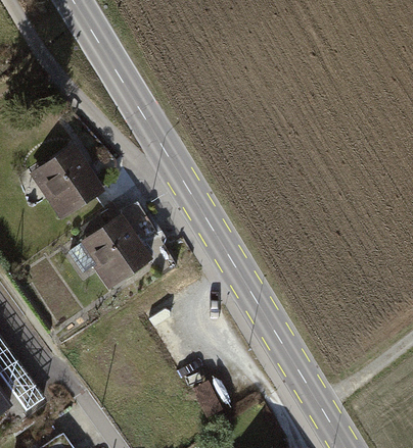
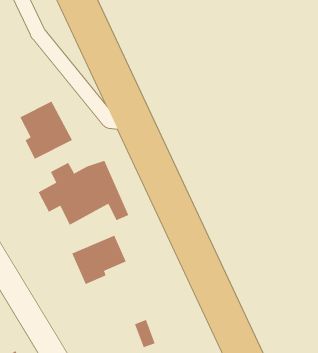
building: none -> [71,235,126,285]

